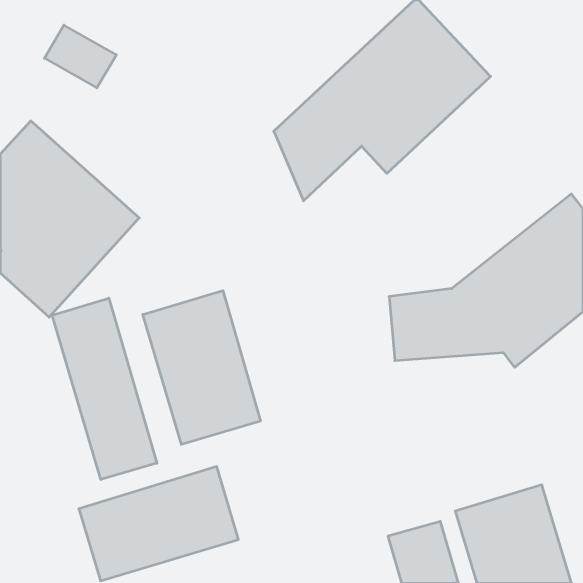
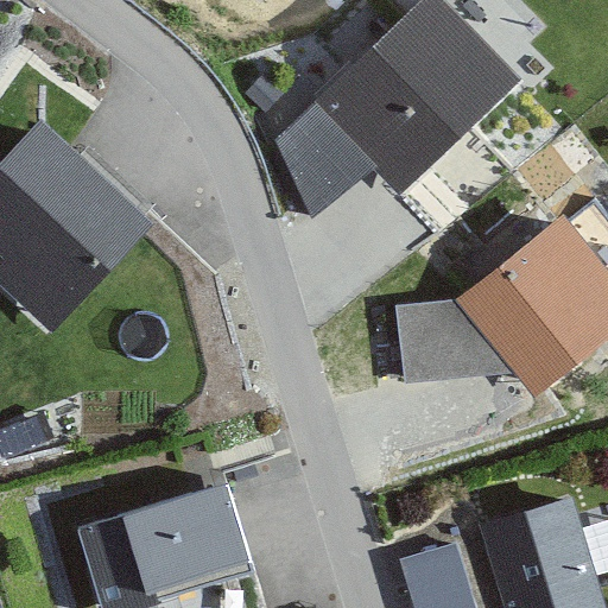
building: [143,291,260,444] -> none
building: [52,298,157,480] -> none

